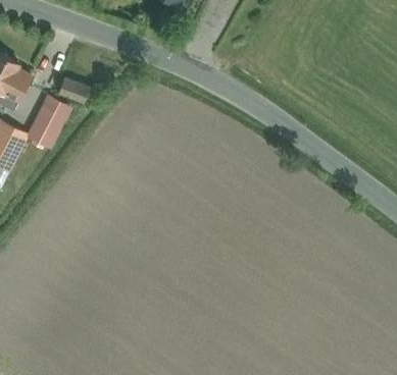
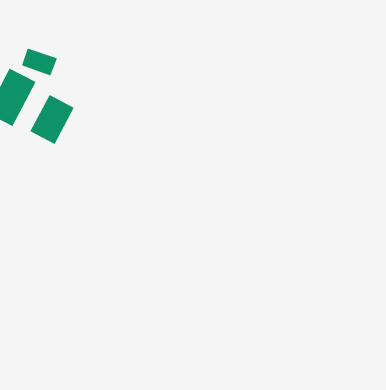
building: none -> [30,94,75,145]

